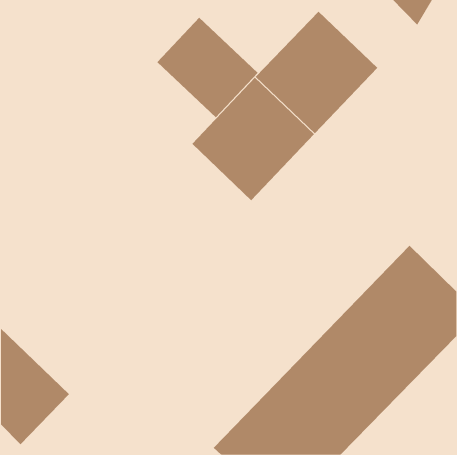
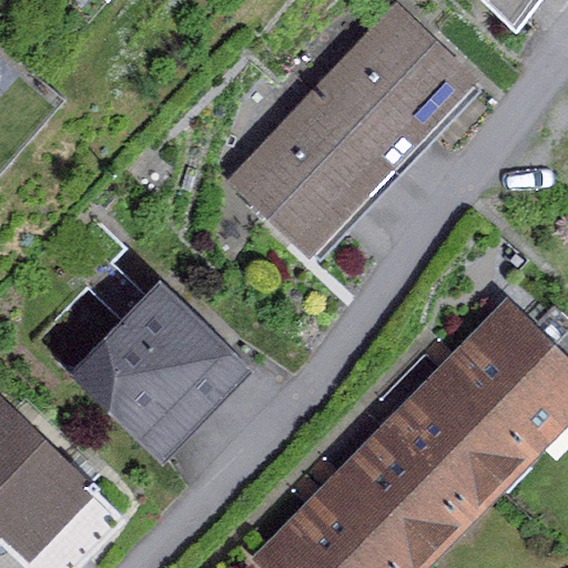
building: [156,17,258,118] -> none
building: none -> [88,296,237,447]

